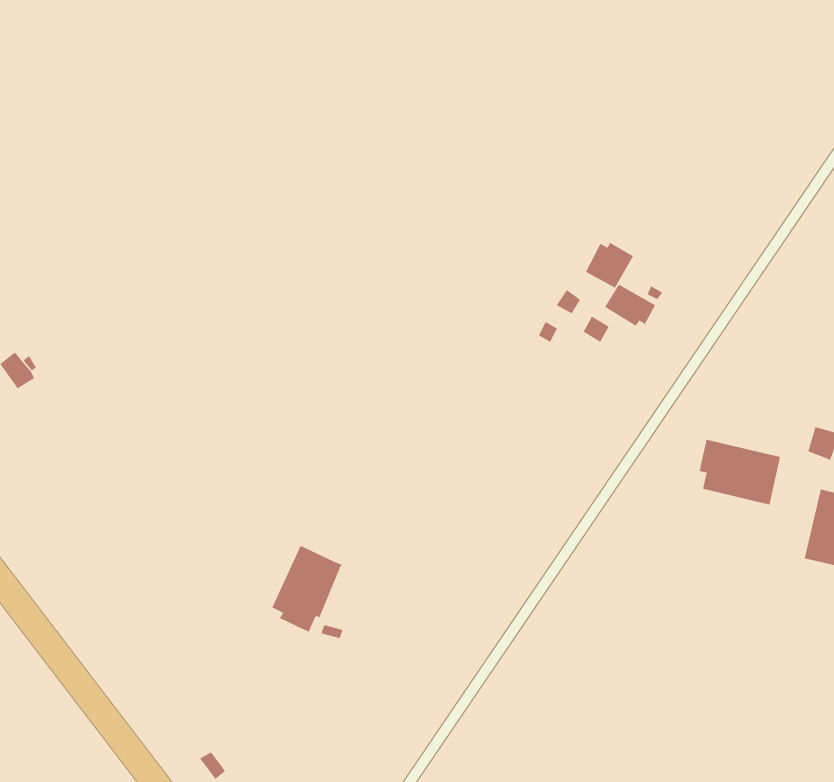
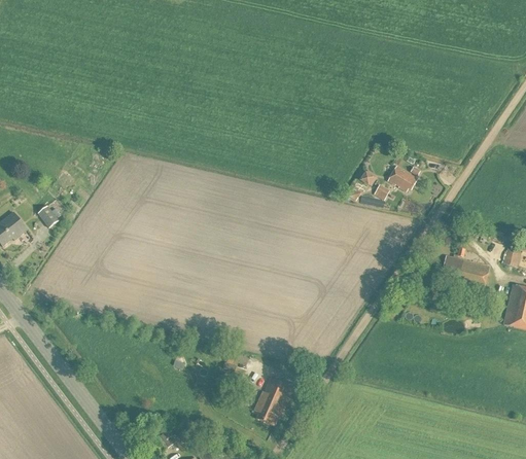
building: [585,242,634,288] -> none
building: [272,545,343,633] -> [253,375,294,425]

